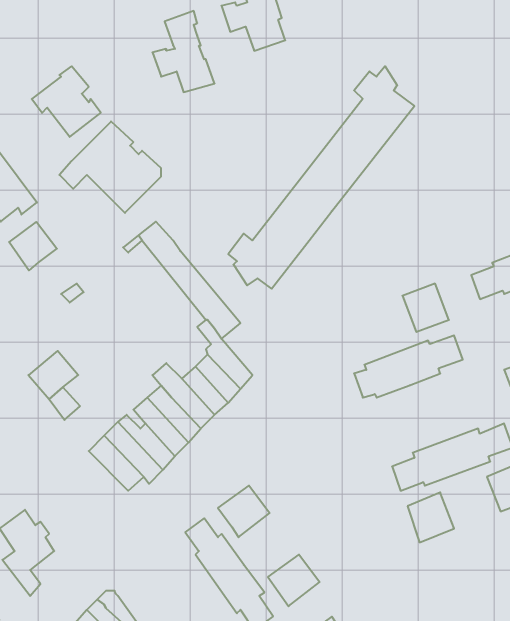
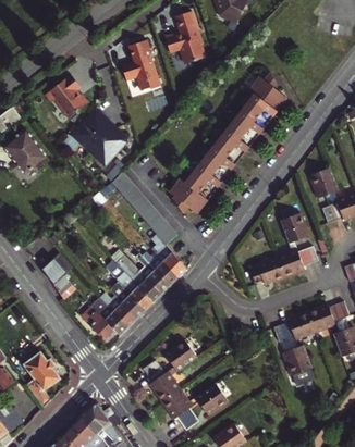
building: none -> [309,165,338,195]
building: [9,222,57,270] -> none

